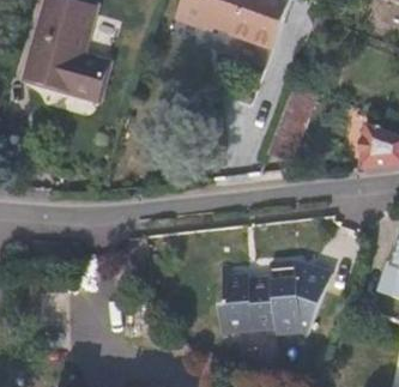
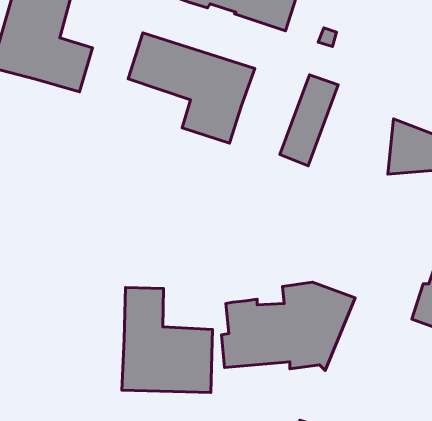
building: none -> [128,33,255,143]
building: none -> [122,288,213,393]

